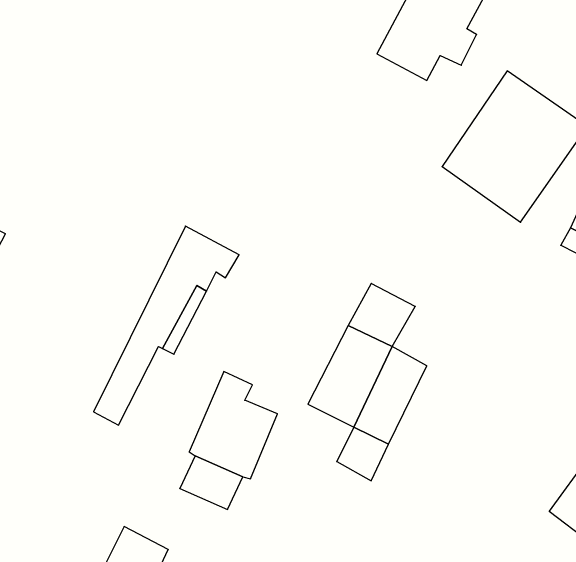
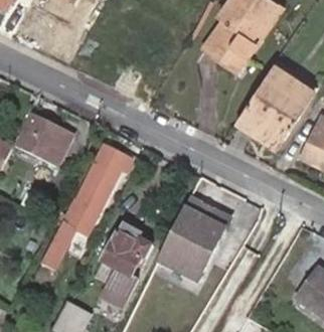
building: none -> [18,116,70,166]

